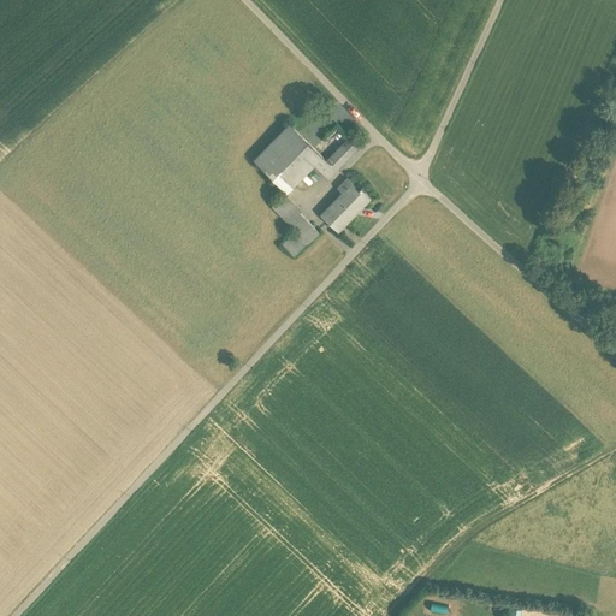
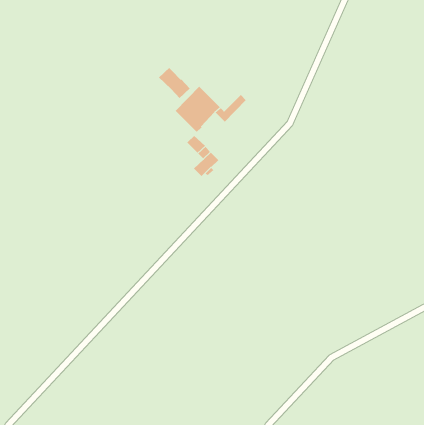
building: none -> [158,67,191,99]
building: [318,177,368,231] -> none

